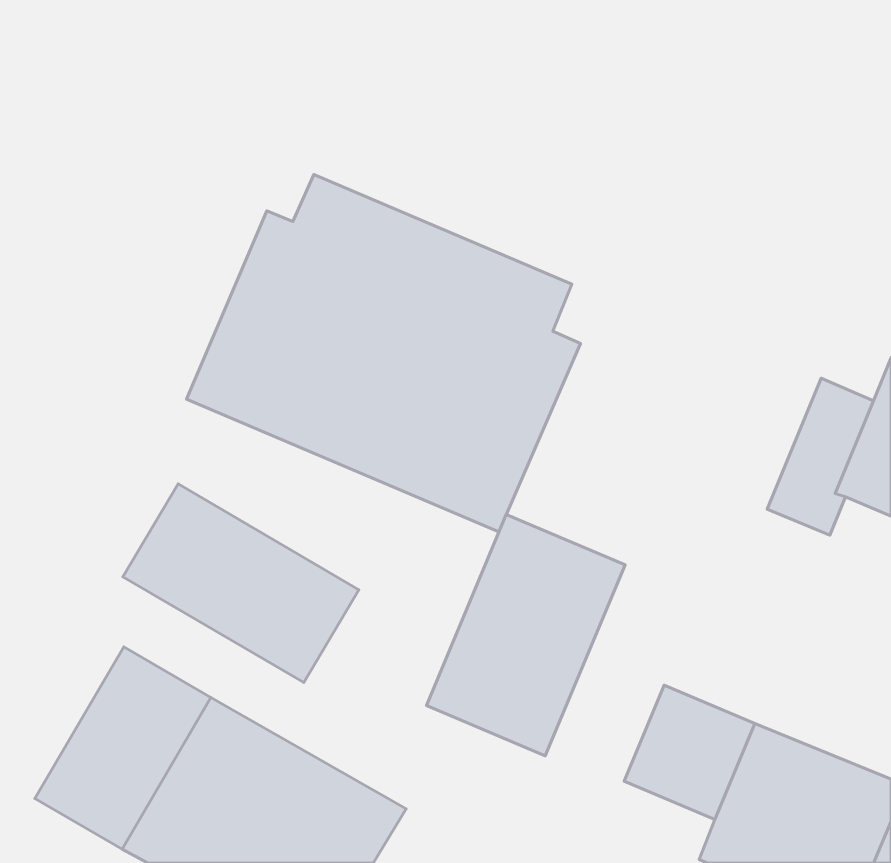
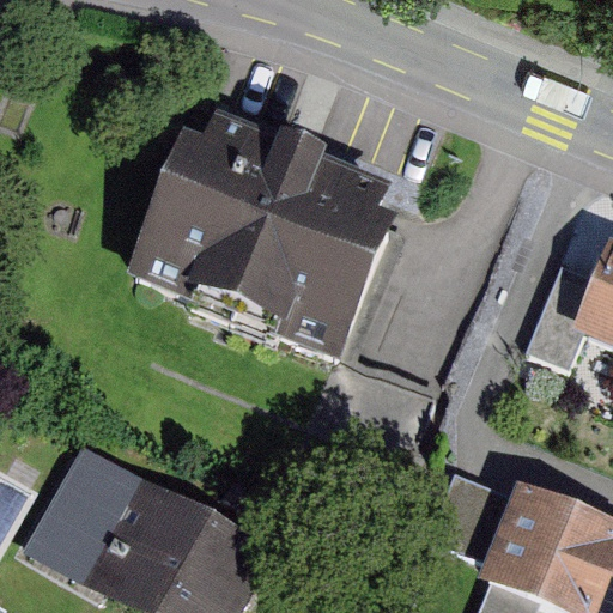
building: [123,484,359,683] -> none
building: [426,514,625,756] -> none

